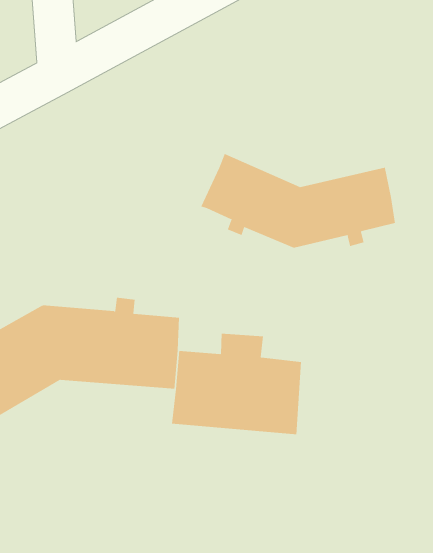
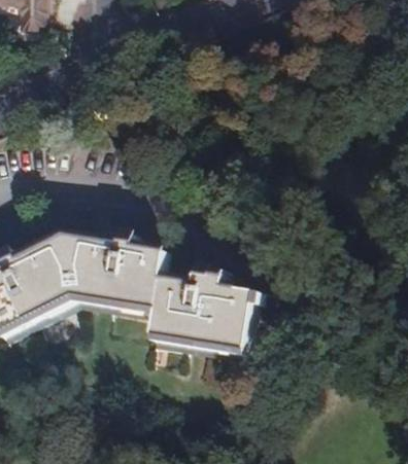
building: [200,153,396,248] -> none

